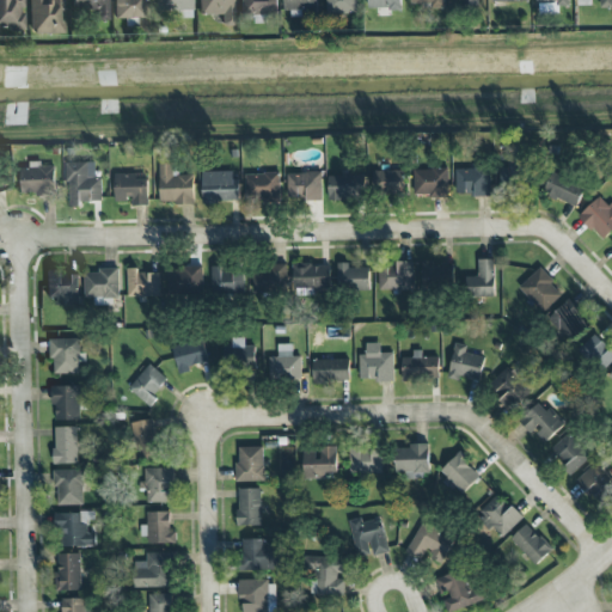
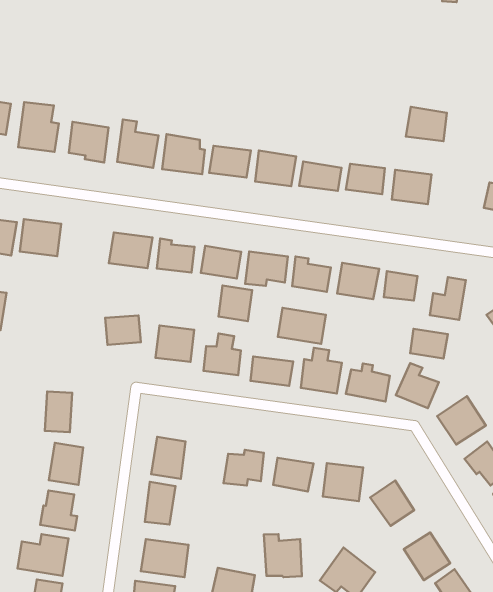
building: [455,167,490,195] -> [406,107,447,141]
building: [127,268,159,295] -> none
building: none -> [218,285,252,321]
building: none -> [410,329,448,358]
building: none -> [278,308,326,344]
building: [128,362,166,405] -> none

